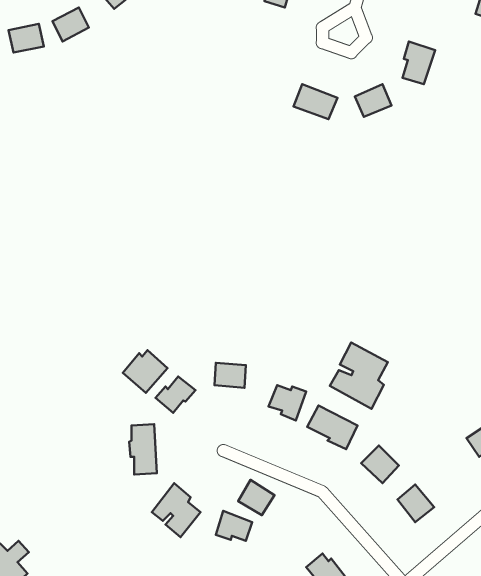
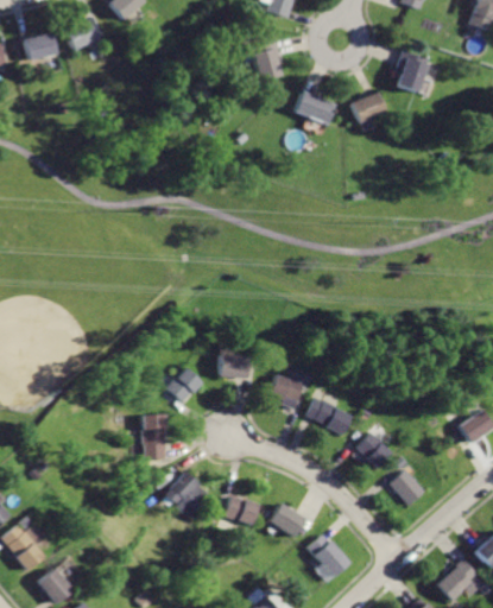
building: none -> [252,40,283,80]
building: [330,342,388,409] -> none
building: [123,350,168,393] -> none
building: [238,480,274,515] -> [270,502,304,536]

